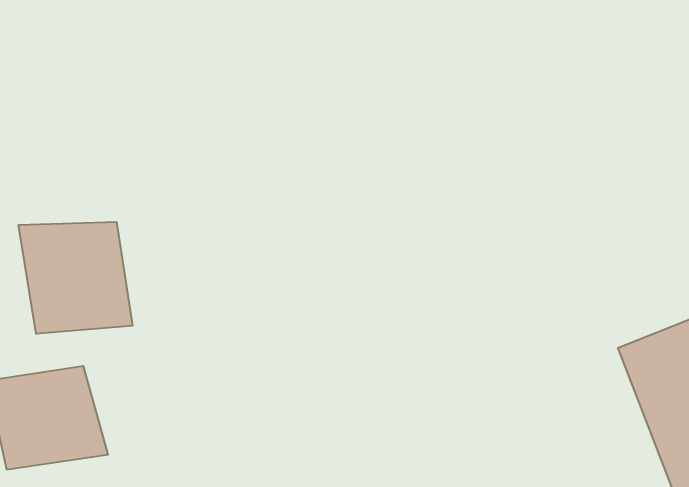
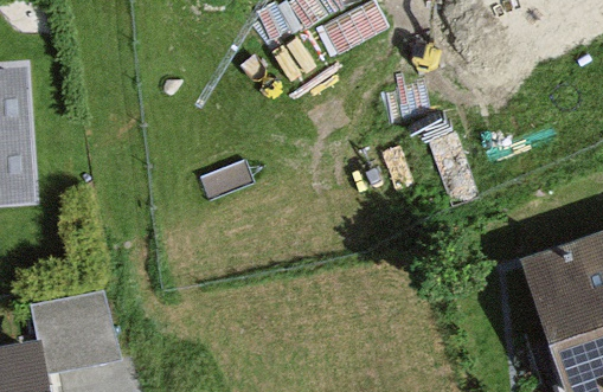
building: [19,222,132,334] -> none

